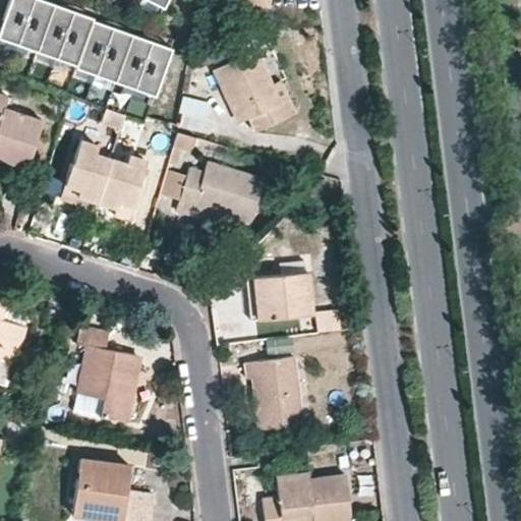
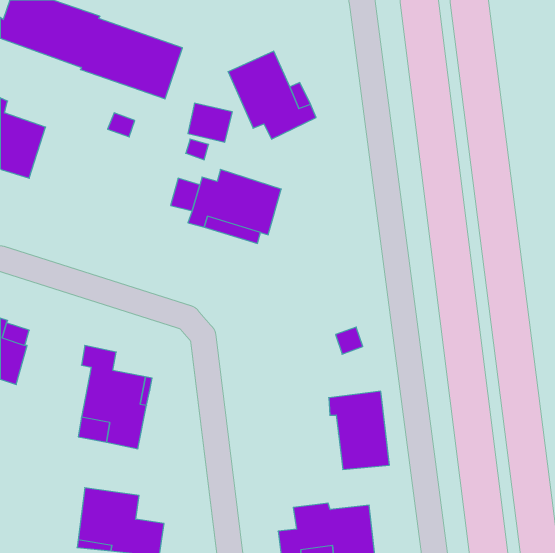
building: [59,139,147,222] -> none
building: [253,272,311,321] -> none
building: [245,356,302,429] -> [329,391,389,469]

